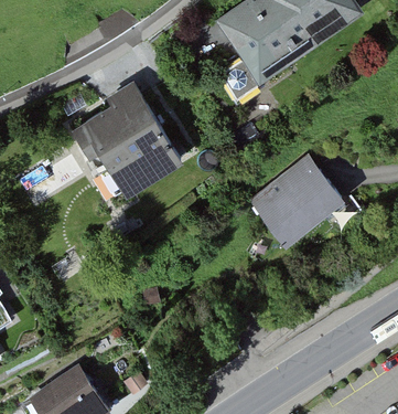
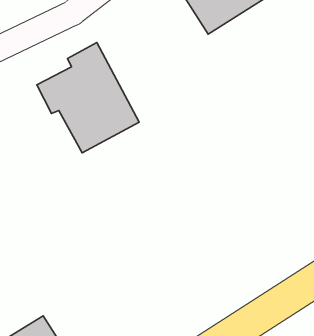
building: [251,160,341,244] -> none

